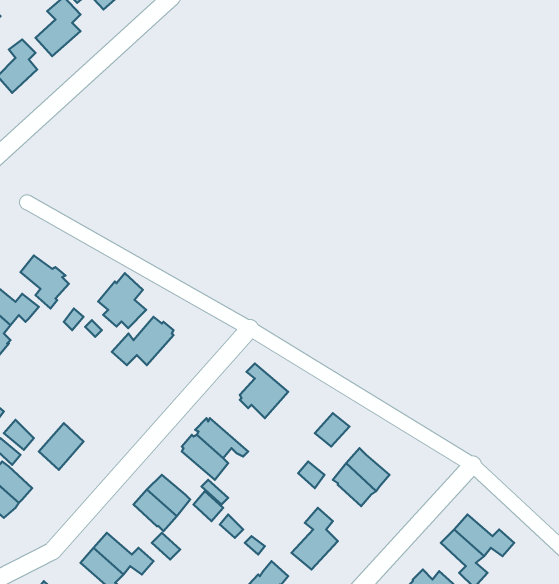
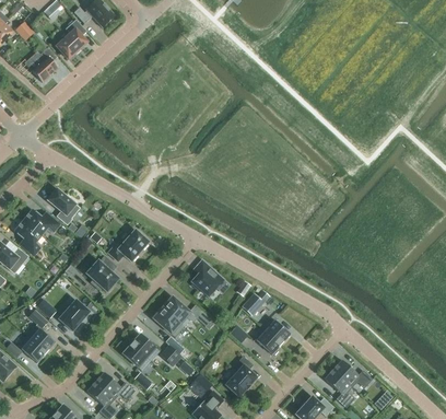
building: [98,273,146,328] -> [86,255,118,291]

